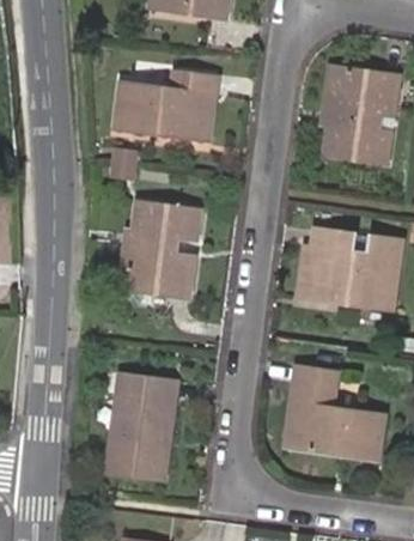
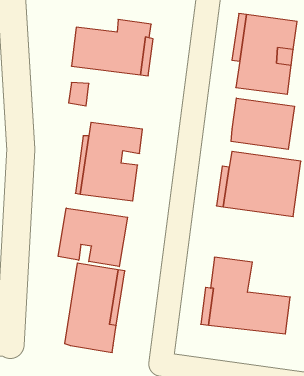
building: none -> [231,98,294,149]
building: none -> [58,208,128,267]

